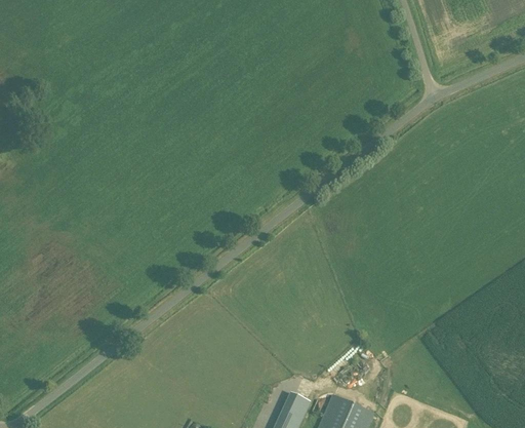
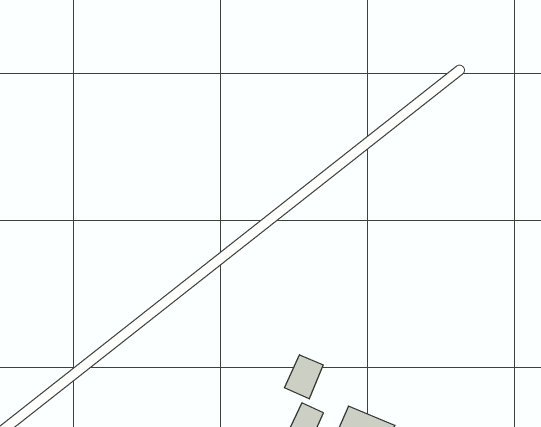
building: none -> [285,355,323,399]

